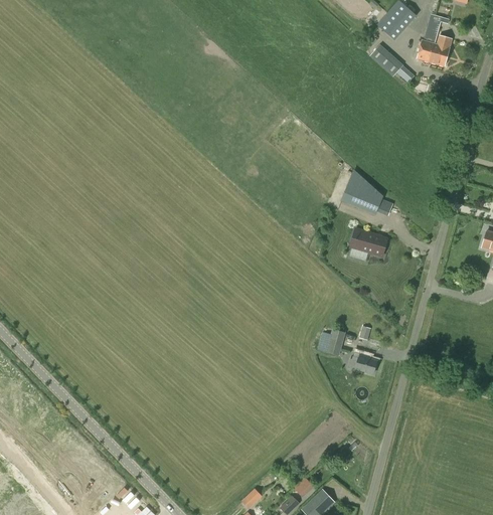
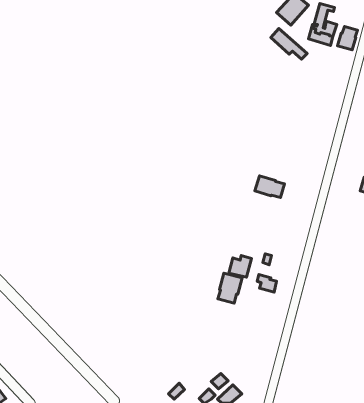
building: none -> [337,26,357,50]
building: [340,184,382,215] -> none
building: none -> [218,273,242,303]

